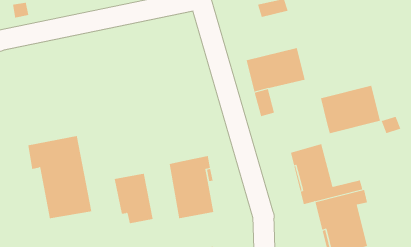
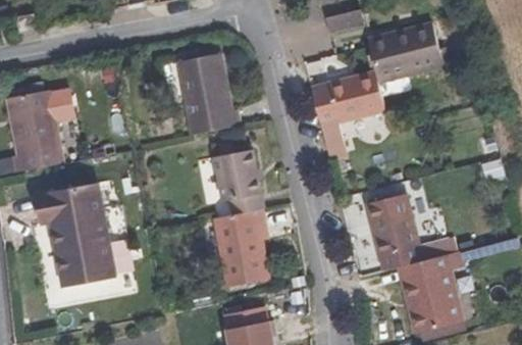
building: none -> [177,52,240,134]
building: none -> [6,89,64,171]
building: [320,85,381,134] -> [367,21,443,83]
building: [114,173,153,224] -> [213,149,263,213]

